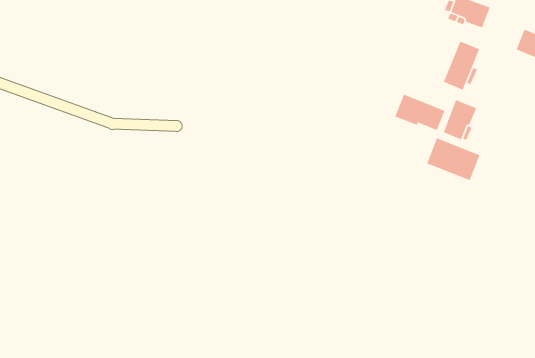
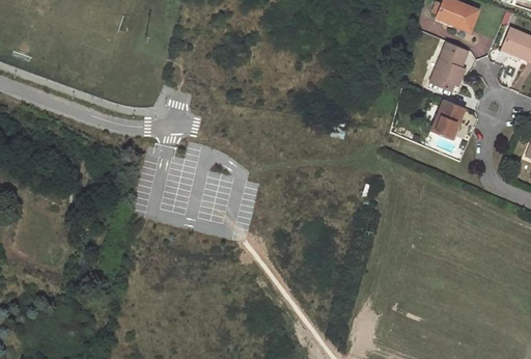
building: [394,93,445,131] -> none
building: [426,137,480,181] -> none

